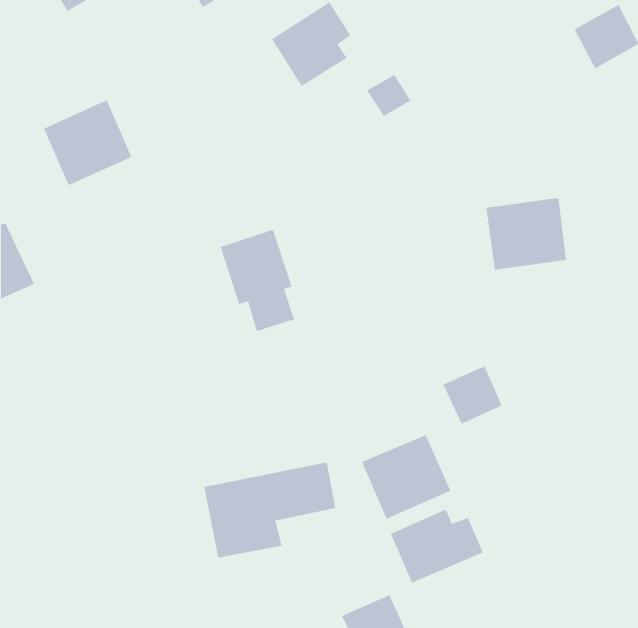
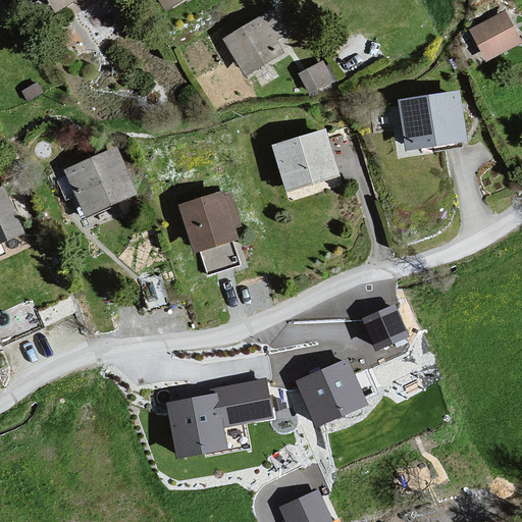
building: [43,100,132,186] -> [63,146,136,216]
building: none -> [272,129,341,195]
building: [486,197,567,270] -> [399,91,465,150]
building: [390,509,484,584] -> none

